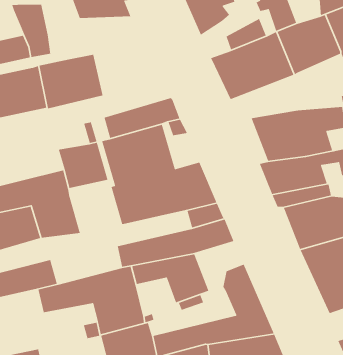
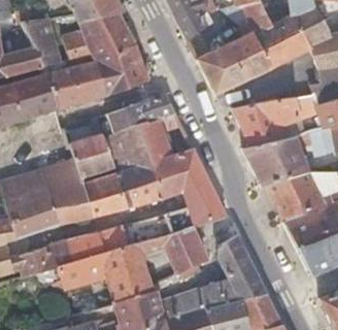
building: none -> [63,26,149,96]
building: none -> [81,174,128,217]
building: none -> [68,226,130,262]

